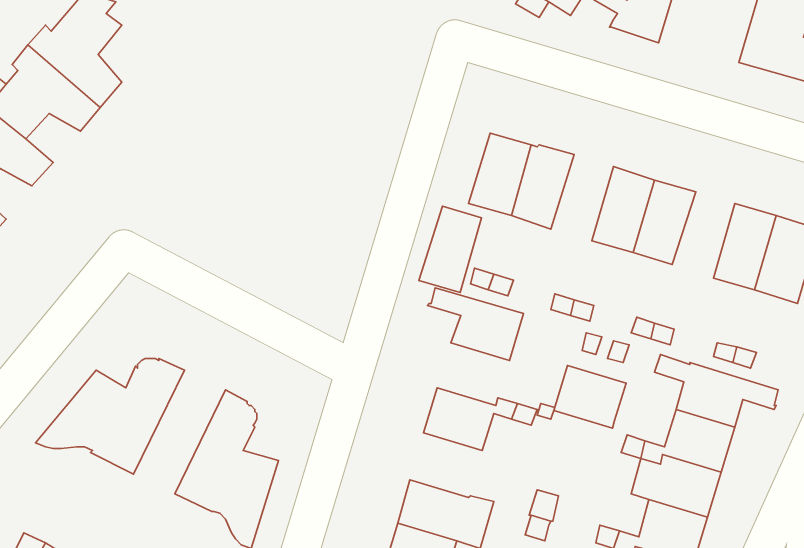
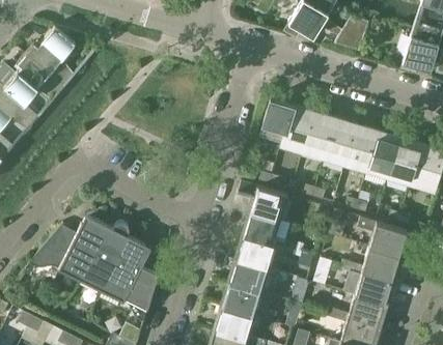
building: none -> [367,132,400,177]
building: [419,206,482,292] -> [303,112,336,157]
building: none -> [82,223,131,291]
building: [554,366,626,428] -> [243,211,281,245]
building: none -> [228,259,267,293]

